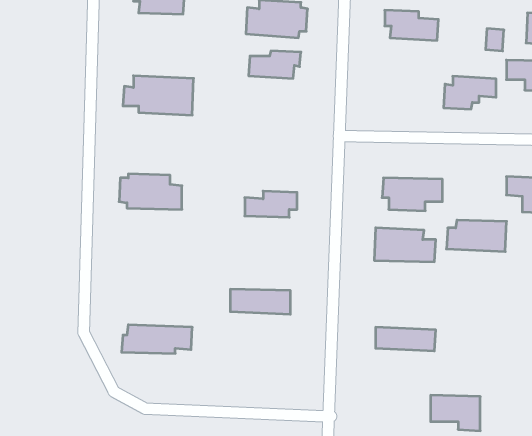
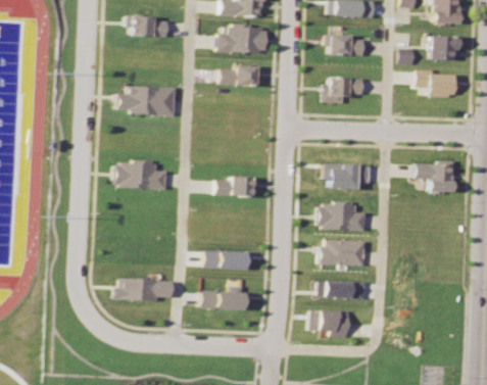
building: [444,76,496,109] -> [321,78,361,103]
building: [446,220,507,252] -> [315,240,362,264]
building: none -> [201,292,249,310]
building: [431,395,480,431] -> [309,310,348,338]

